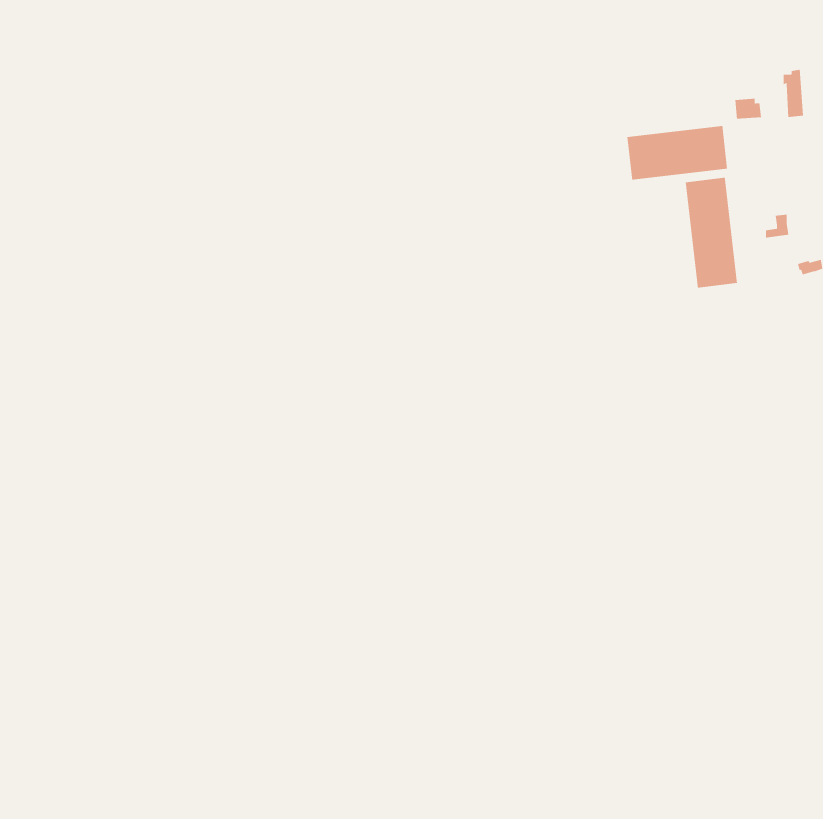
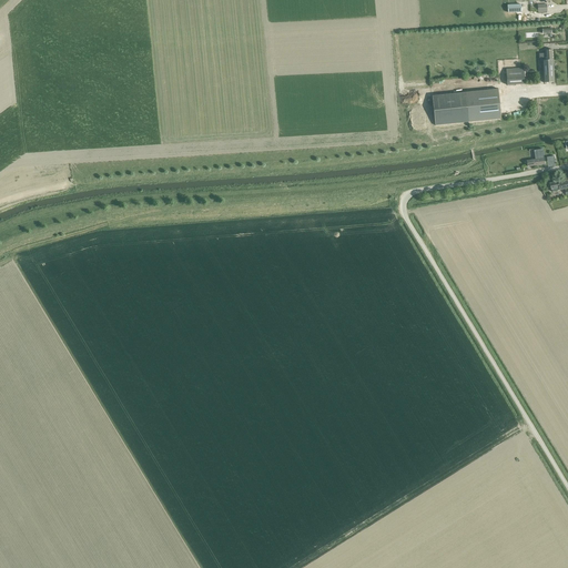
building: [685,177,738,289] -> none

